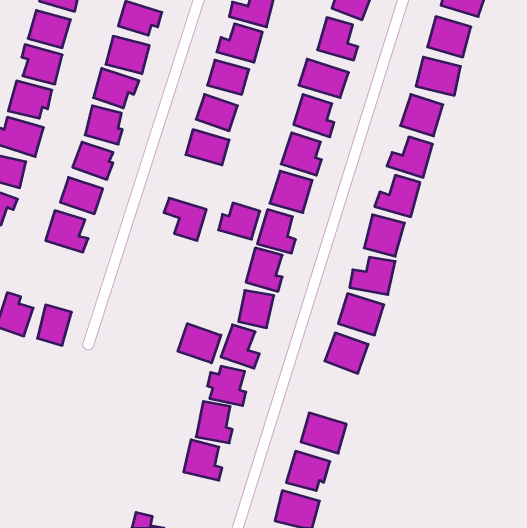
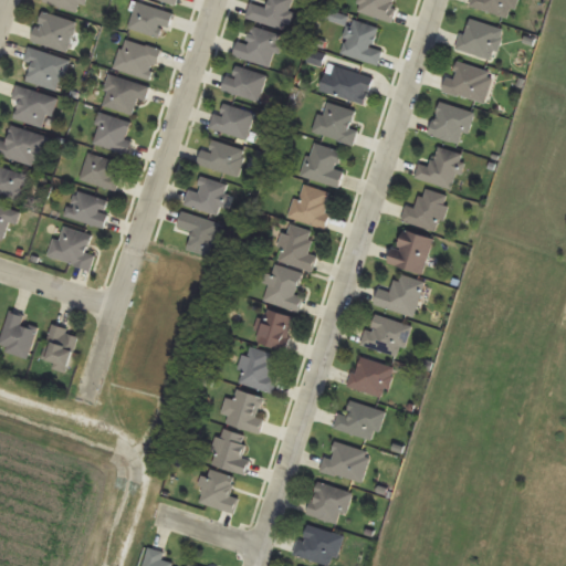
building: [218,203,260,239] -> [184,176,228,214]
building: [178,324,221,363] -> none
building: none -> [332,400,382,440]

